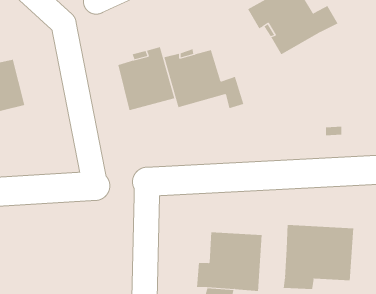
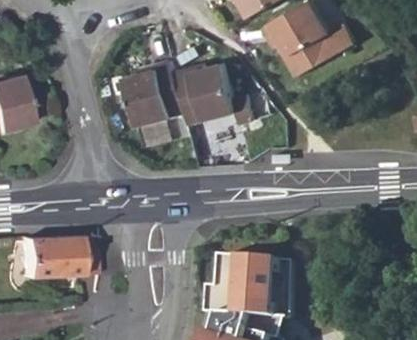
building: none -> [21,241,94,281]
building: [283,224,354,290] -> none

